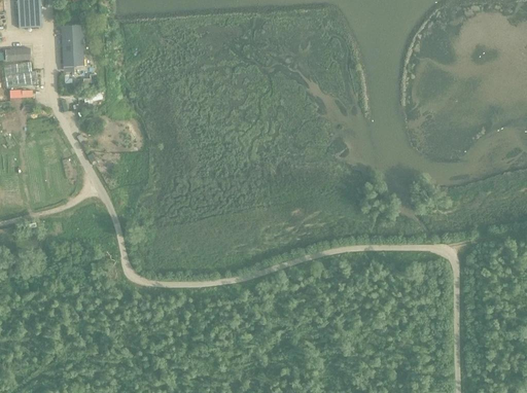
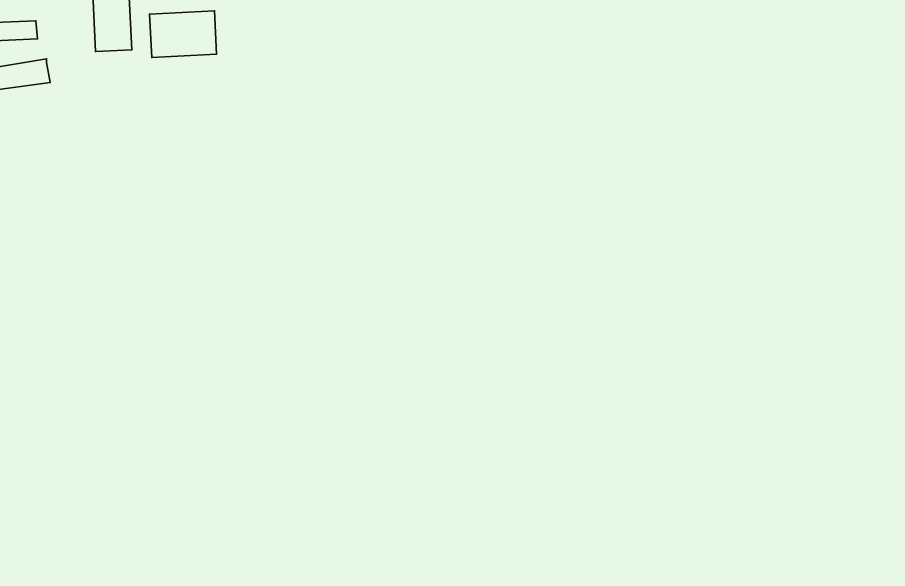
building: none -> [150,11,217,57]

